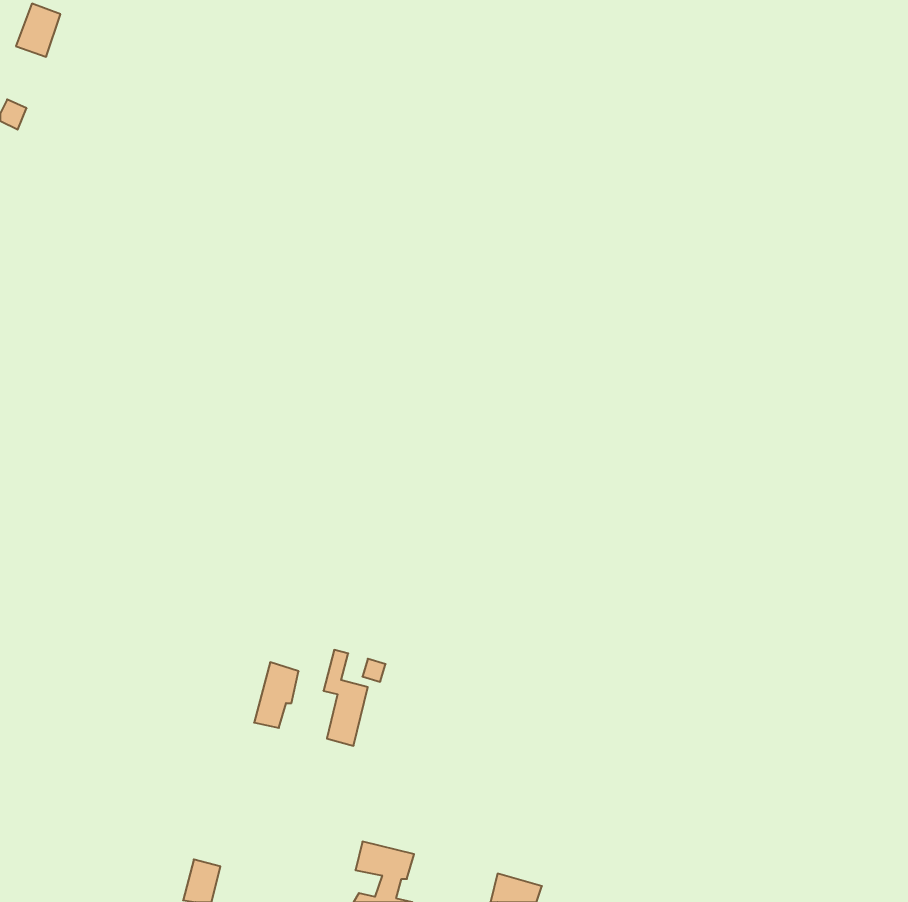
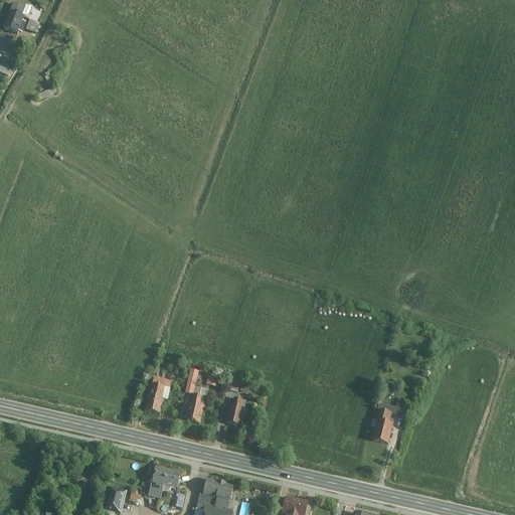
building: none -> [224,396,243,425]
building: none -> [377,409,398,444]
building: none -> [149,466,179,497]

